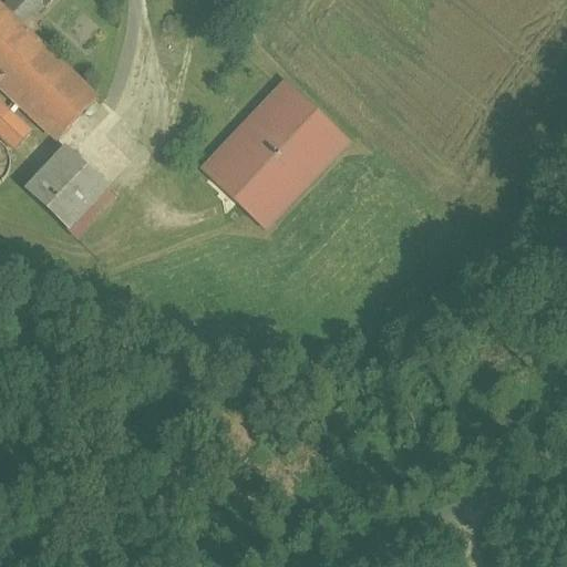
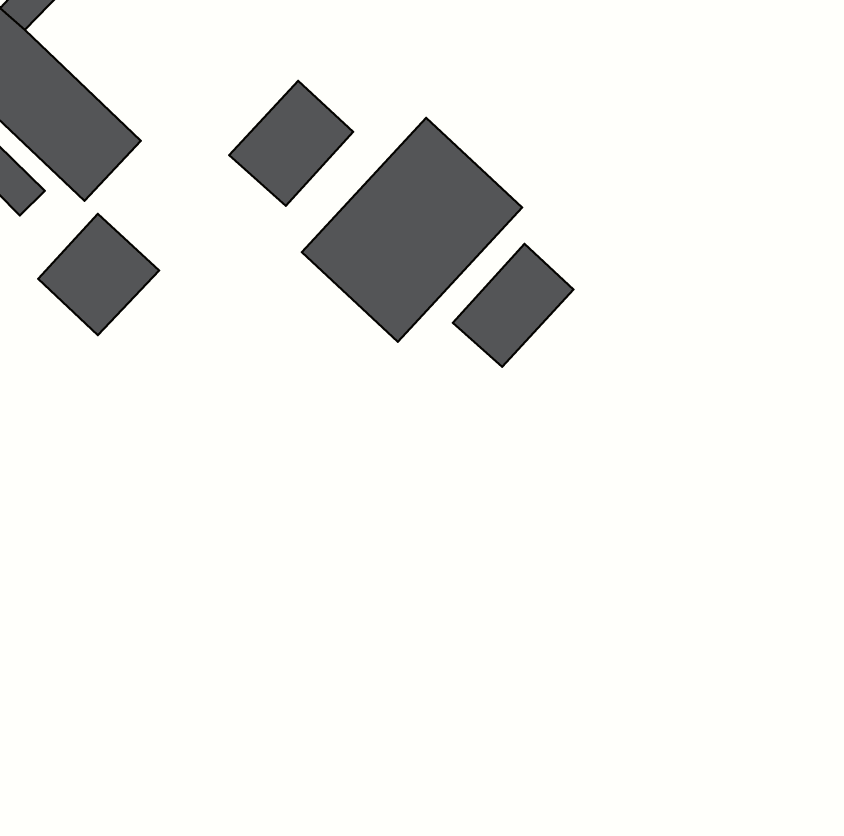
building: none -> [229,81,353,206]
building: none -> [453,244,574,367]

